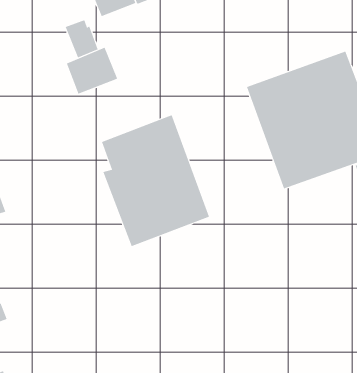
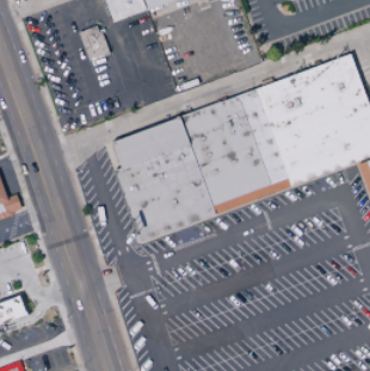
building: [66,47,118,94] -> none
building: none -> [184,88,290,212]

